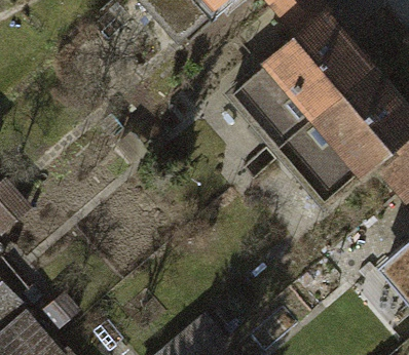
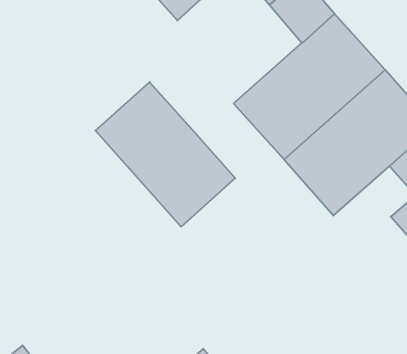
building: none -> [95,82,235,227]

